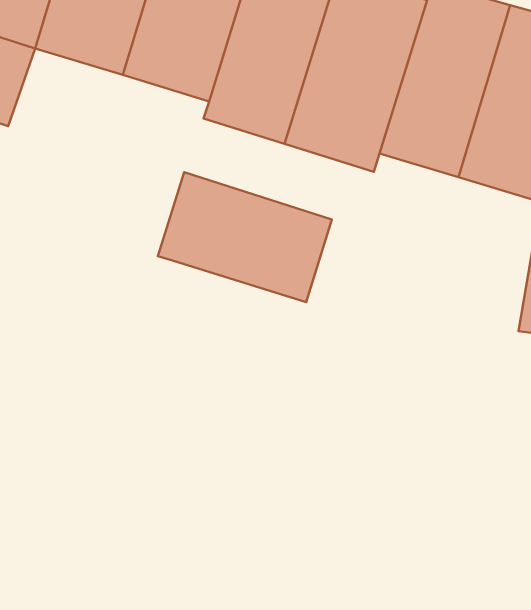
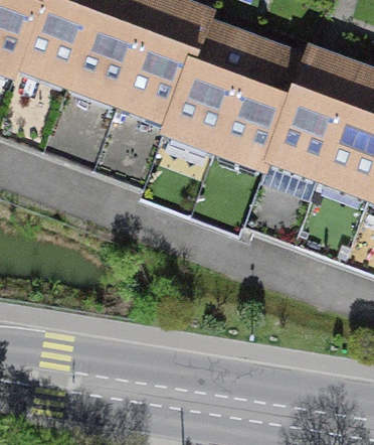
building: [158,172,332,302] -> none

